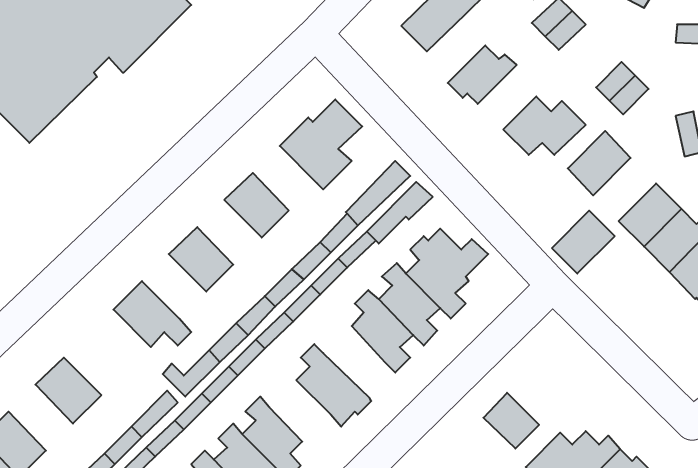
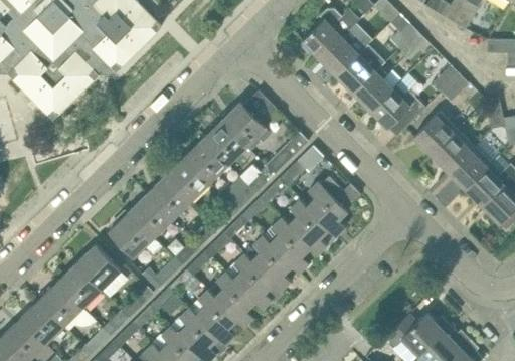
building: none -> [320,32,359,78]
building: none -> [354,66,393,110]
building: none -> [203,121,246,164]
building: none -> [166,157,209,200]
building: [552,211,615,274] -> [432,129,474,171]
building: none -> [129,193,172,236]
building: none -> [250,235,292,290]
building: none -> [76,243,121,288]
building: none -> [214,272,255,327]
building: none -> [39,281,82,325]
building: [483,393,539,449] -> none

